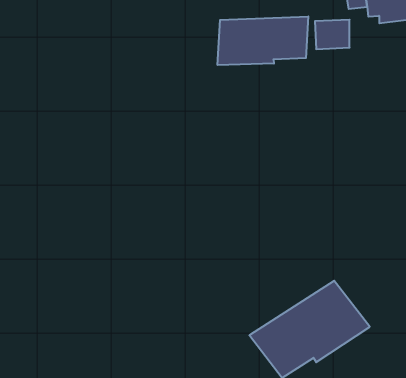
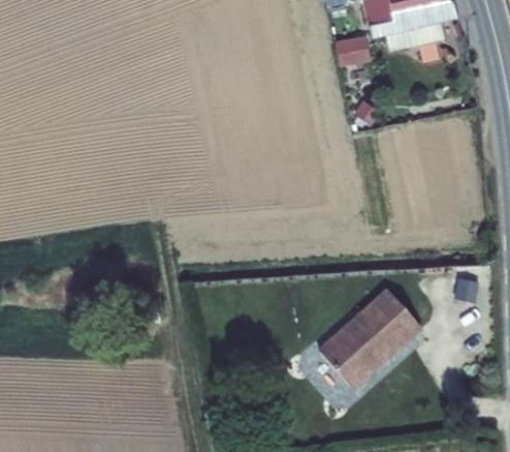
building: [218,16,308,65] -> none

